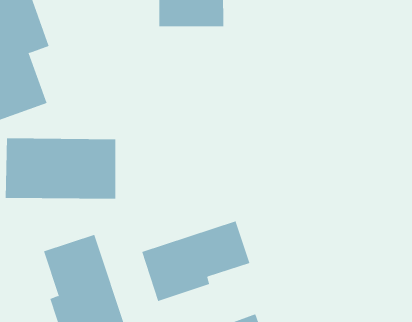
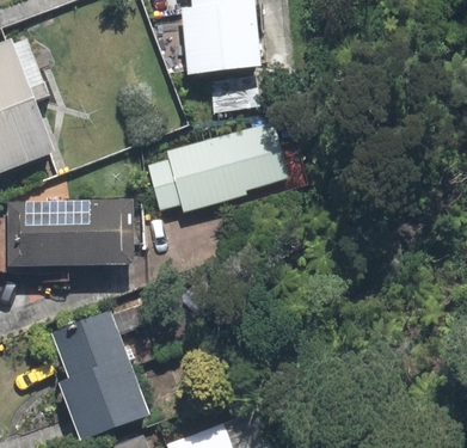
building: none -> [149,118,290,213]
building: [142,221,250,302] -> none

